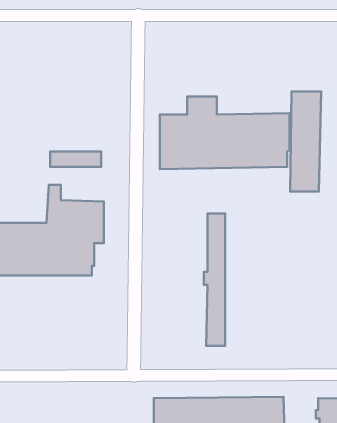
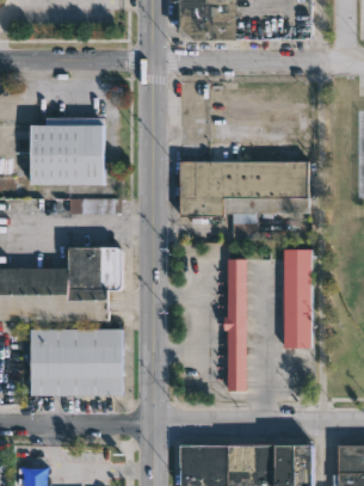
building: none -> [30,117,103,184]
building: [290,91,321,192] -> [284,247,315,347]
building: none -> [30,330,121,396]

